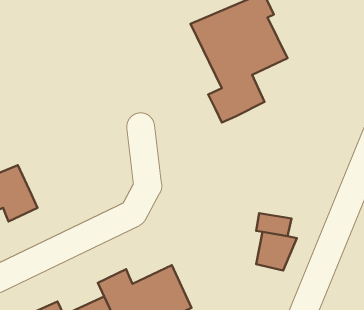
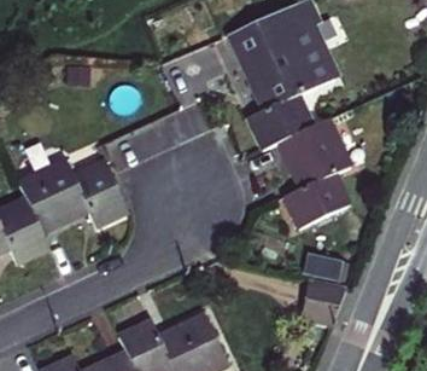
building: none -> [277,117,350,227]
building: none -> [17,160,127,232]

